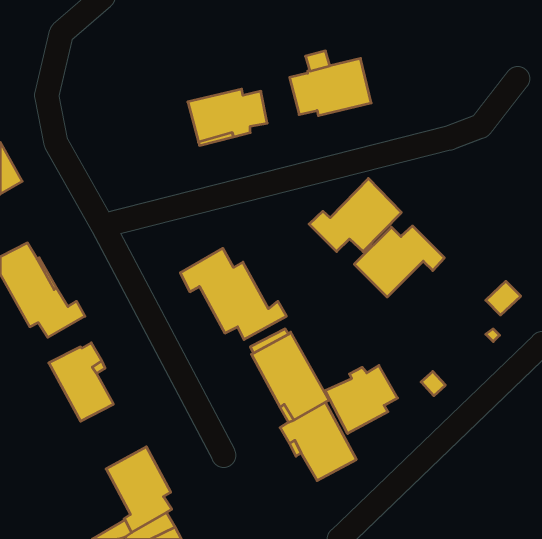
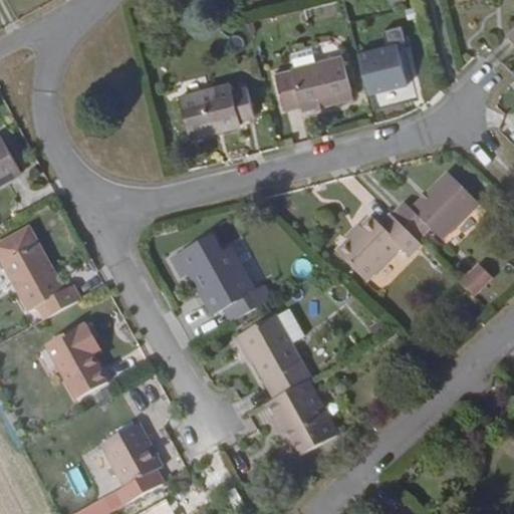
building: none -> [356,25,414,94]
building: [309,178,401,252] -> [391,171,478,240]
building: [325,365,398,434] -> none

